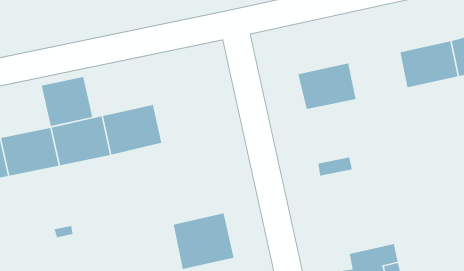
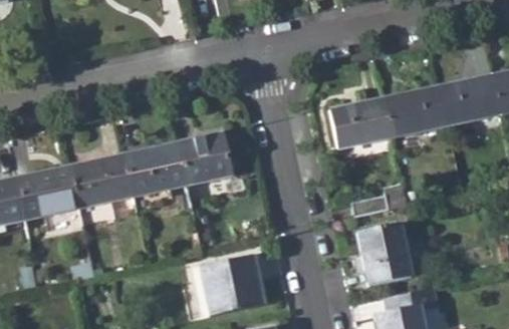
building: none -> [384,86,445,136]
building: [41,76,93,127] -> none
building: none -> [178,131,231,183]
building: none -> [356,224,411,286]

